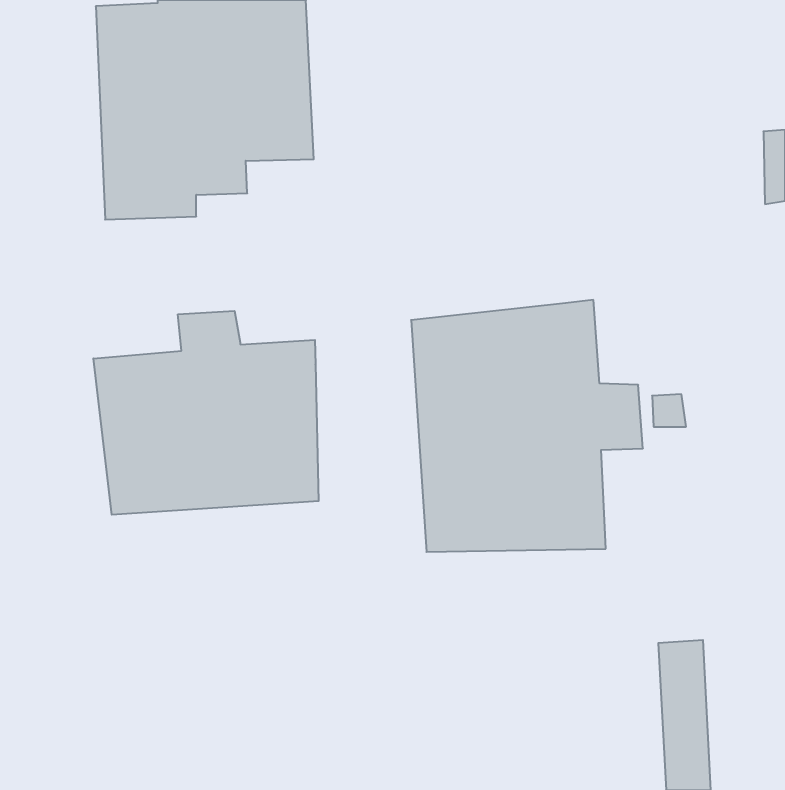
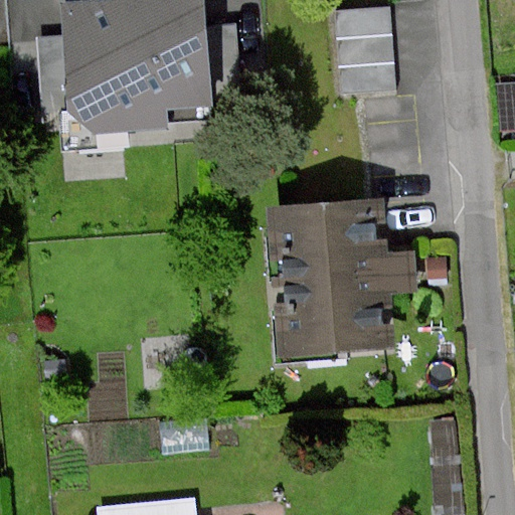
building: none -> [333,5,395,94]
building: [93,311,319,515] -> none

